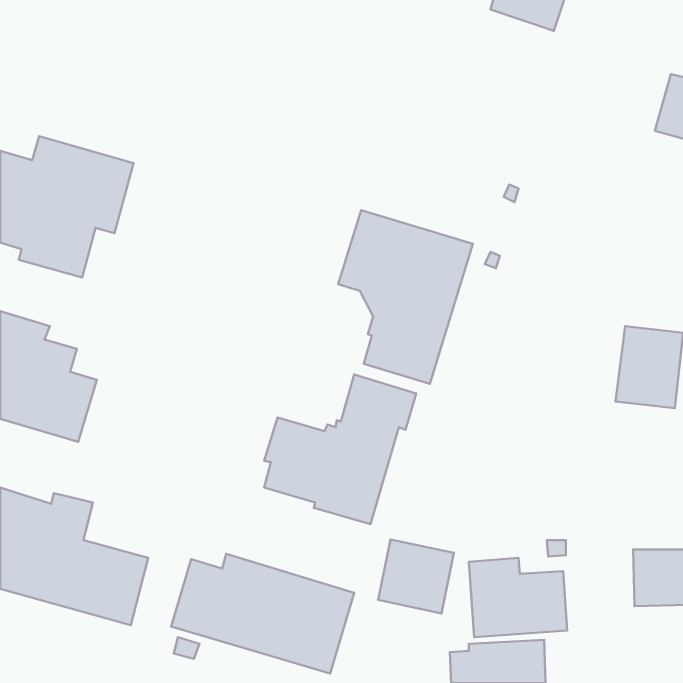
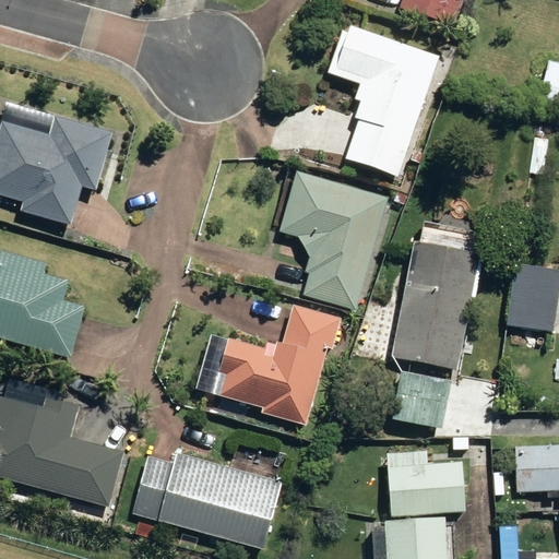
building: none -> [332,27,442,178]
building: none -> [389,241,478,370]
building: [378,539,454,613] -> [388,370,449,430]

